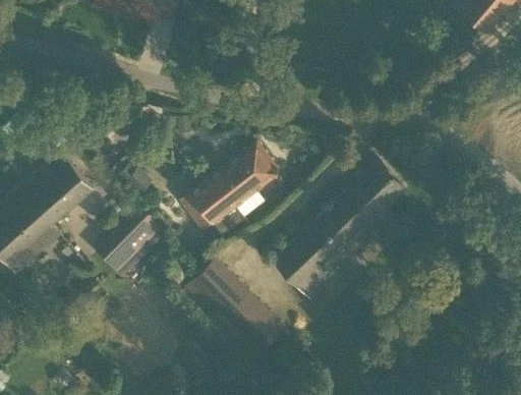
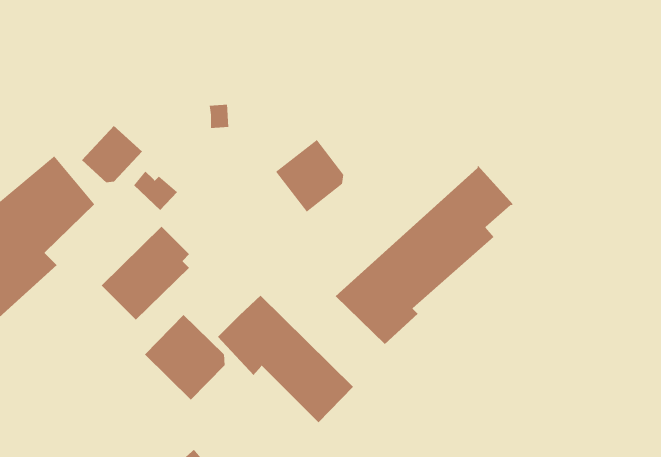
building: none -> [81,125,143,183]
building: [189,166,251,238] -> none
building: none -> [144,314,225,400]

